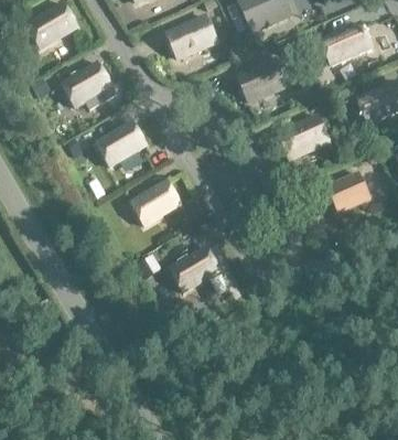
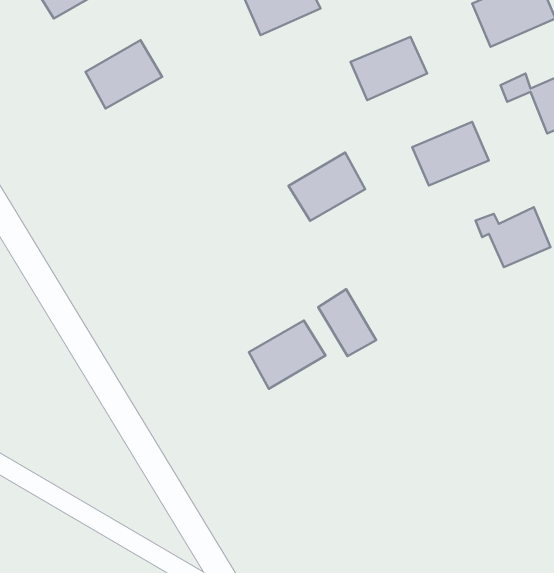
building: [97,121,148,167] -> none
building: [131,180,182,225] -> [288,153,365,221]
building: none -> [318,289,376,356]

